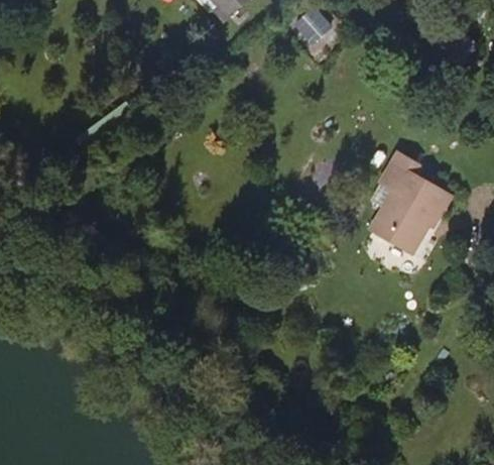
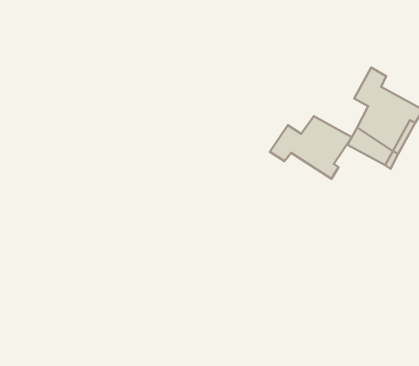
building: none -> [270,116,352,179]

